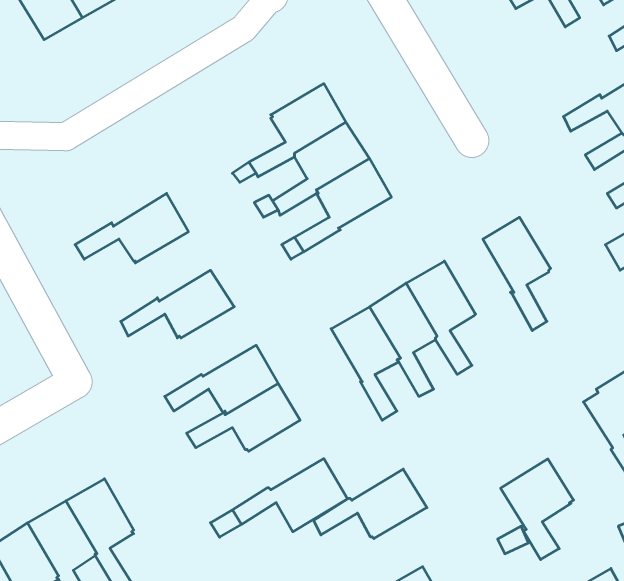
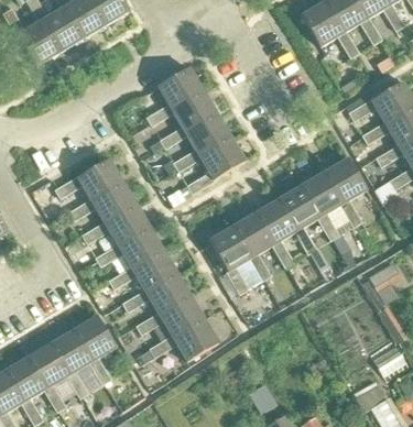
building: none -> [146,68,205,125]
building: none -> [323,157,367,227]
building: none -> [68,182,137,223]
building: none -> [278,186,319,254]
building: none -> [96,227,164,269]
building: none -> [73,316,116,385]
building: [501,459,574,560] -> none
building: [314,469,427,539] -> [137,295,205,337]

